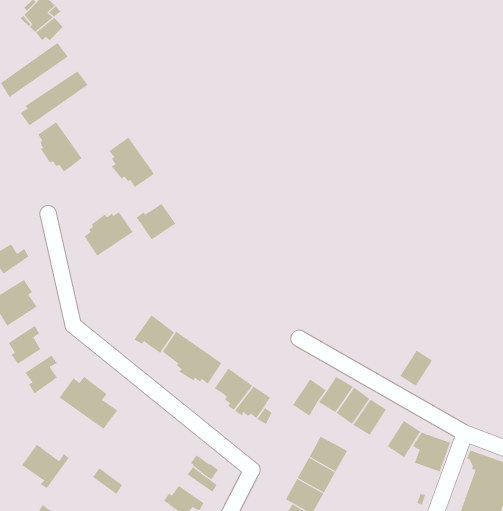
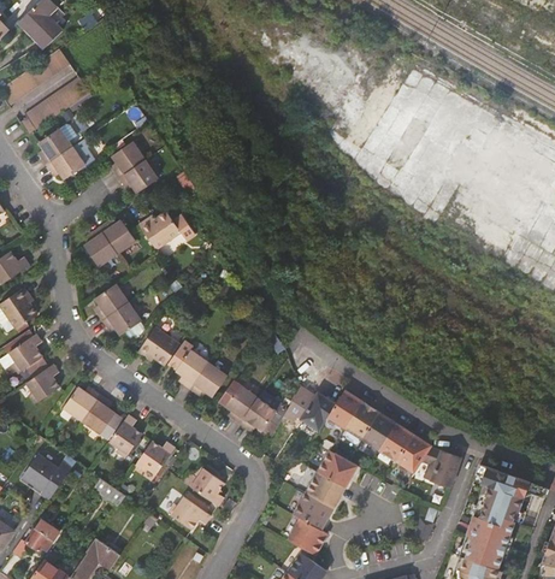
building: none -> [95,285,142,336]
building: [400,350,433,386] -> [378,421,412,459]
building: none -> [111,416,143,460]
building: none -> [135,443,176,477]

